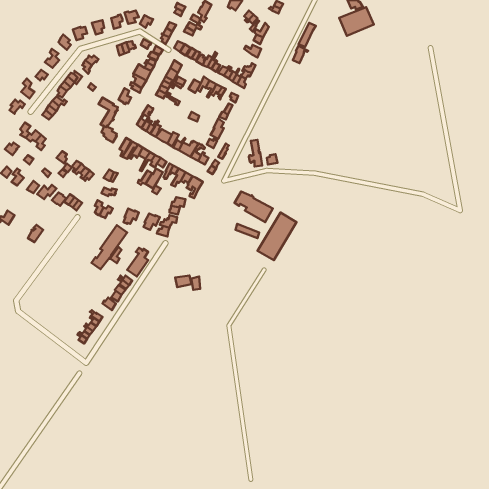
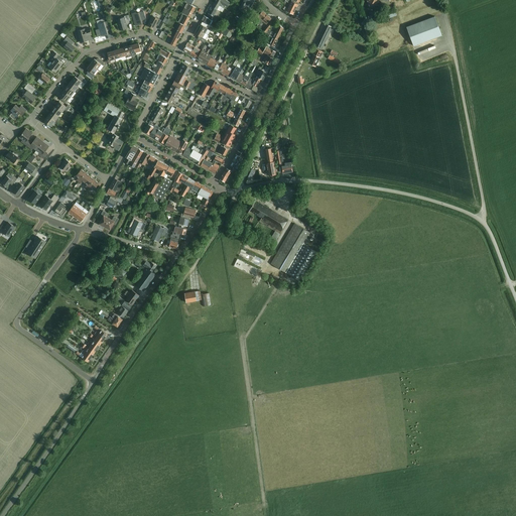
building: [339,7,374,36] -> [406,16,442,46]
building: [92,225,127,269] -> none

